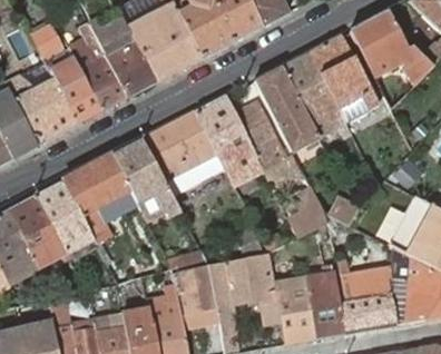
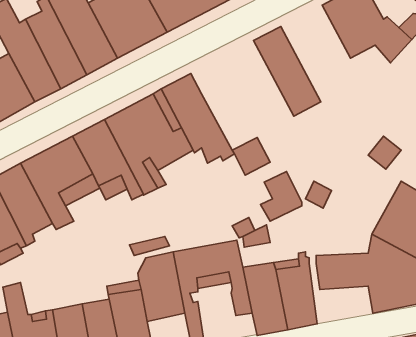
building: [308,35,376,122] -> none
building: [256,65,321,150] -> none
building: [234,102,286,168] -> none
building: [335,275,395,332] -> none

